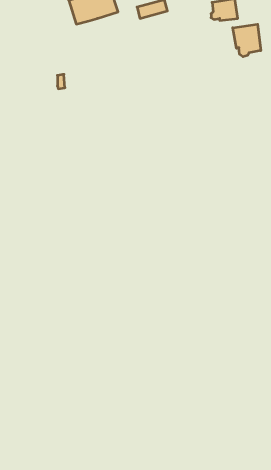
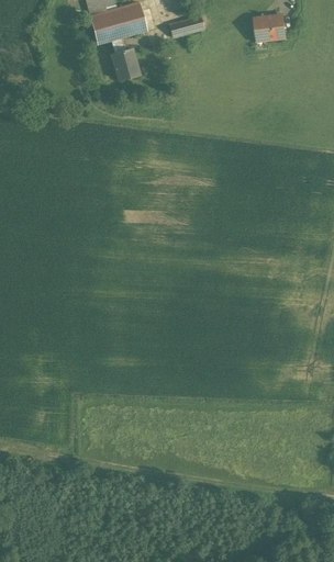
building: none -> [111,37,138,79]
building: [233,24,261,57] -> none

